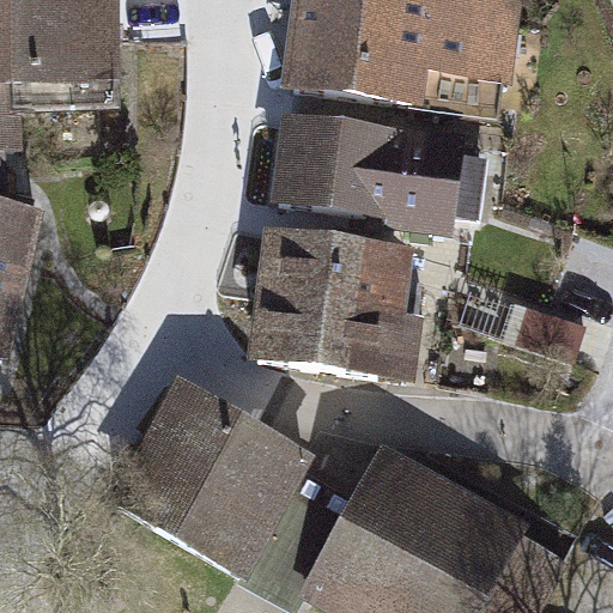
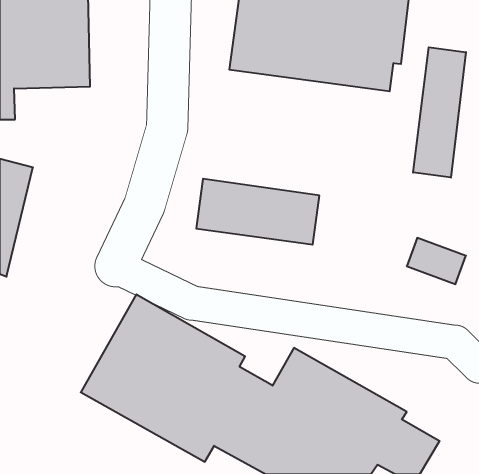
building: none -> [413,47,466,178]
building: [279,120,482,230] -> none
building: [242,291,415,377] -> none

